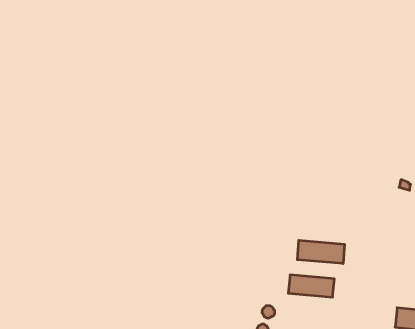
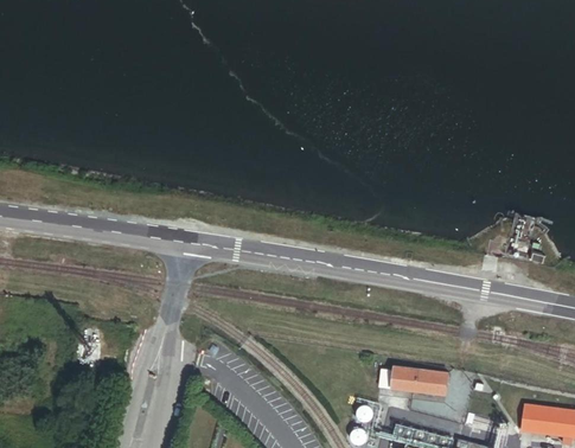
building: [297,240,344,264] -> none

